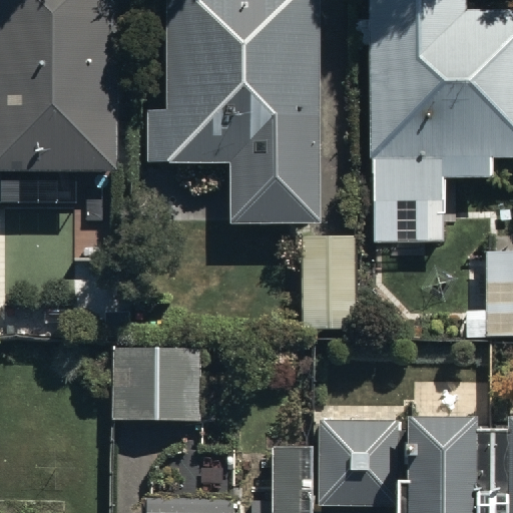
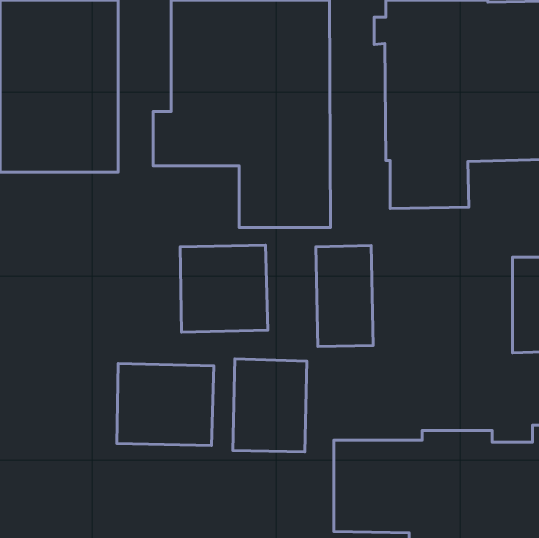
building: none -> [180,245,268,332]
building: none -> [233,359,307,452]

